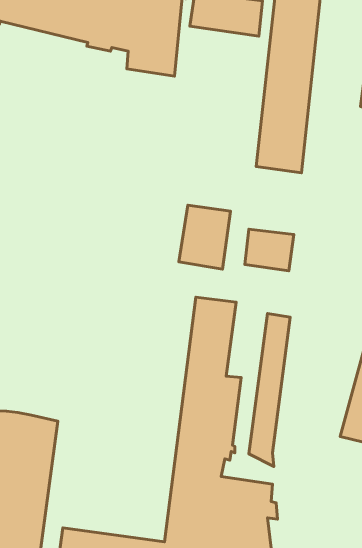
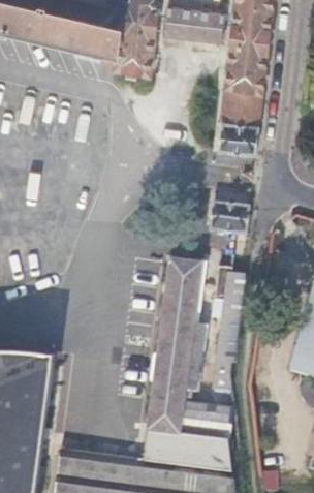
building: [179,205,231,269] -> none

